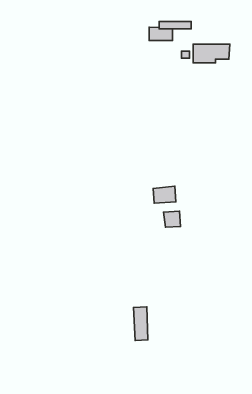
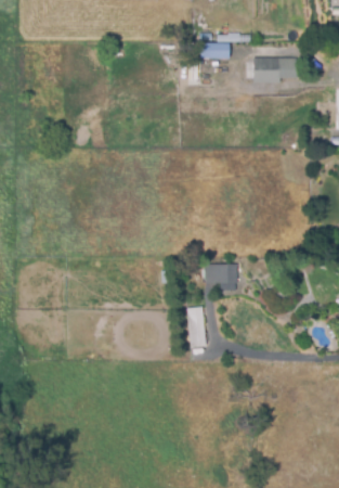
building: [153,186,176,203] -> none
building: [133,307,148,341] -> [186,305,204,346]

